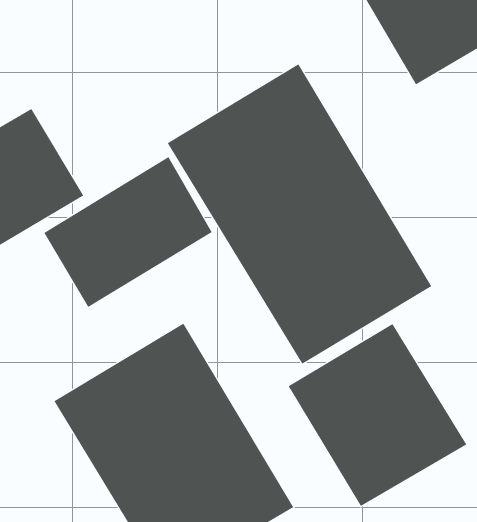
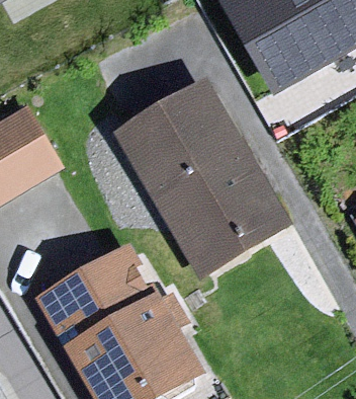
building: [43,156,212,308] -> none
building: [288,323,467,507] -> none

